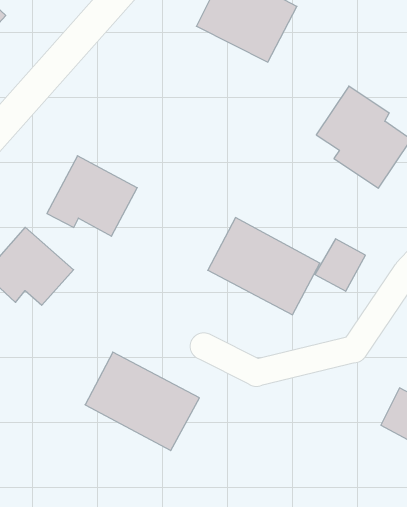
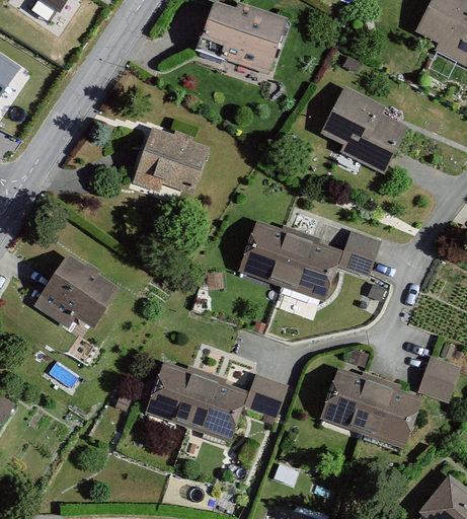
building: [47,156,137,236] -> [132,126,211,195]
building: none -> [244,373,288,417]
building: none -> [318,366,422,448]

